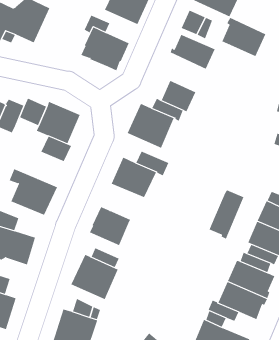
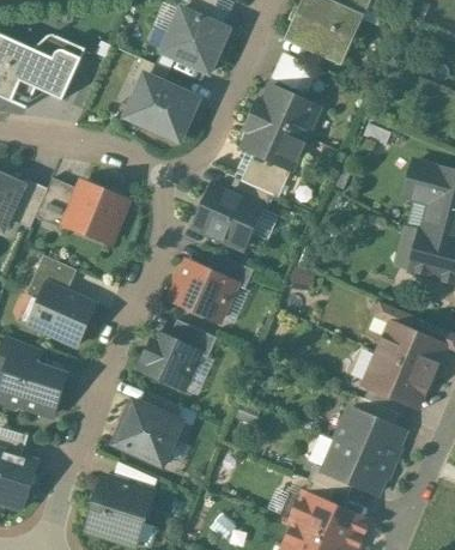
building: [221,17,266,57] -> [242,114,305,170]
building: [41,136,72,162] -> [32,256,77,294]
building: [209,189,244,240] -> none
building: none -> [169,321,216,358]

